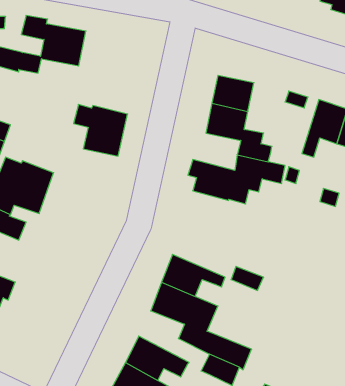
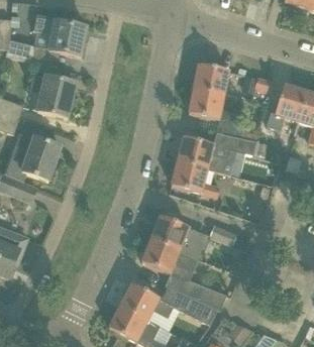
building: [74,104,128,156] -> [29,75,75,118]
building: none -> [171,161,219,197]

